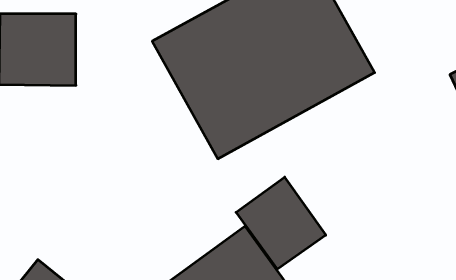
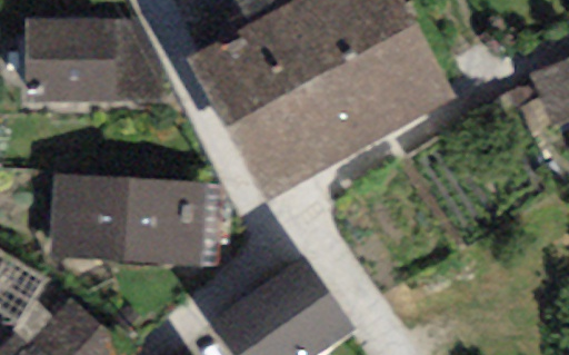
building: none -> [49,172,210,263]
building: [236,177,326,269] -> none

